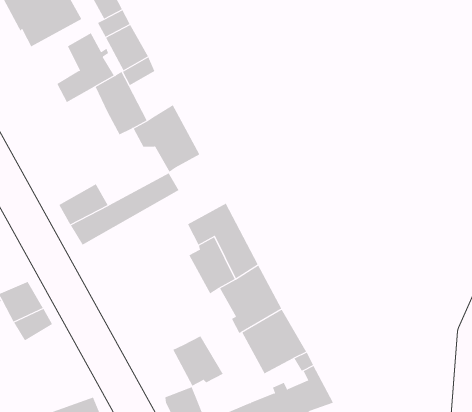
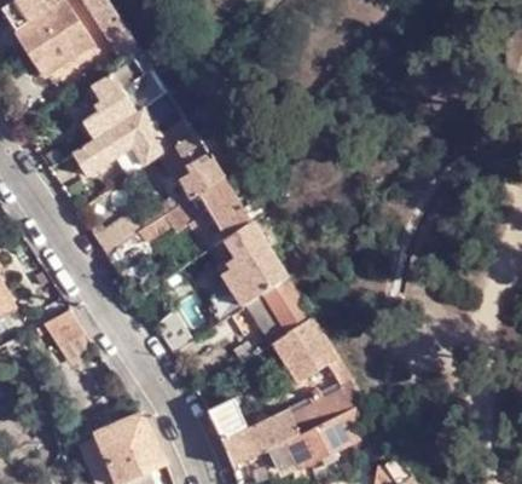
building: none -> [70,122,130,175]
building: none -> [199,178,249,236]
building: [173,336,223,387] -> none

